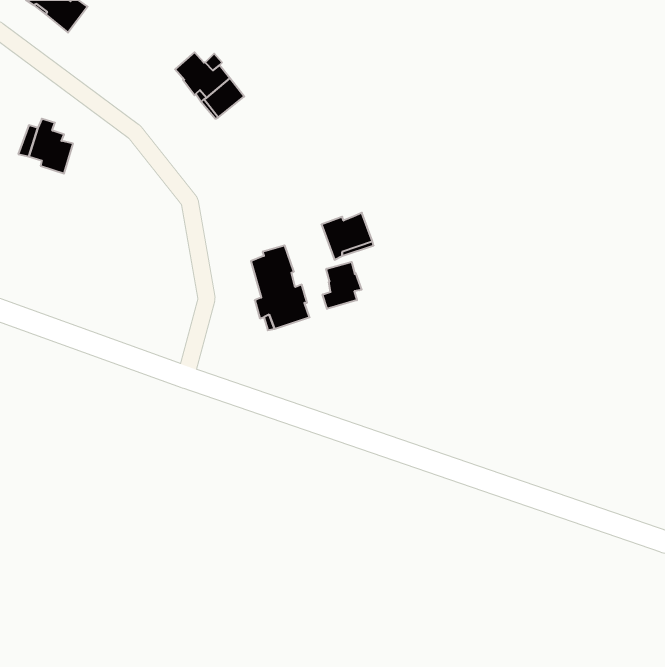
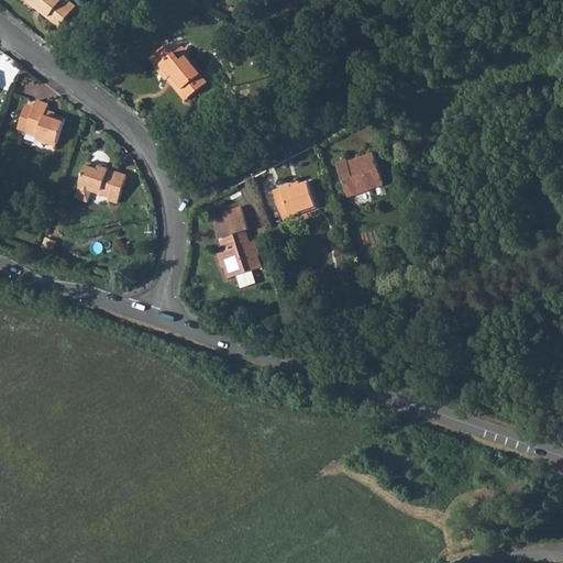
building: none -> [334,153,380,196]
building: none -> [74,166,125,202]
building: [323,262,362,309] -> none

